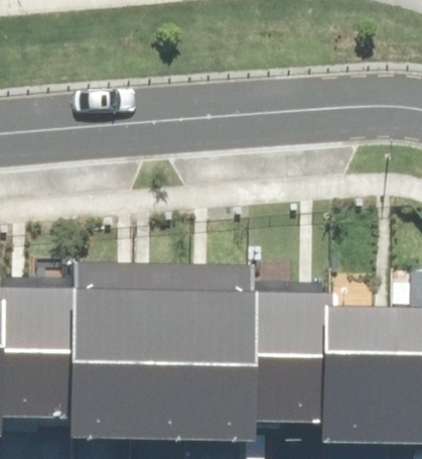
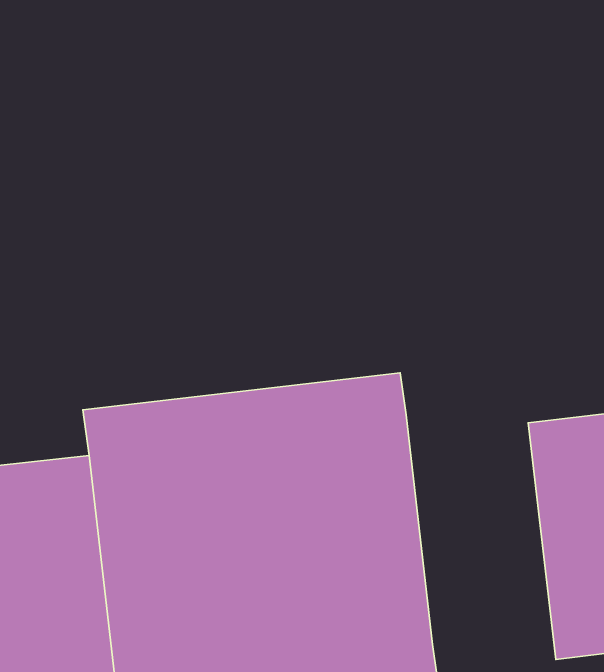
building: [253,292,324,425] -> none

